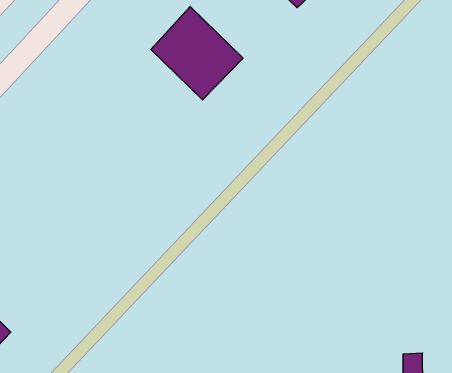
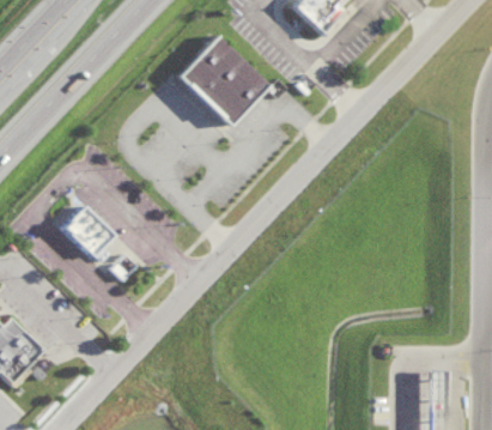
building: none -> [59,204,110,254]

